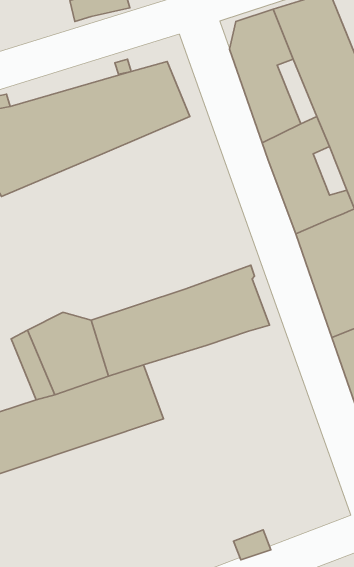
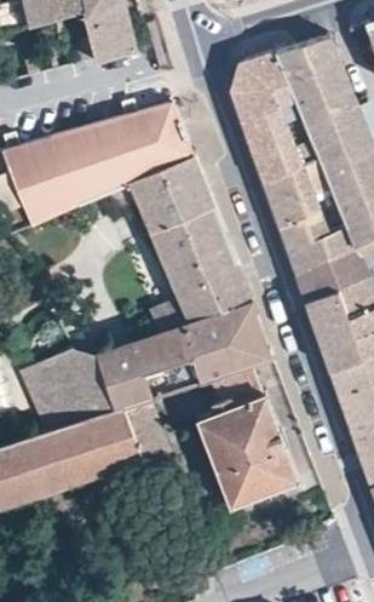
building: none -> [109,157,253,325]
building: none -> [198,366,298,506]

